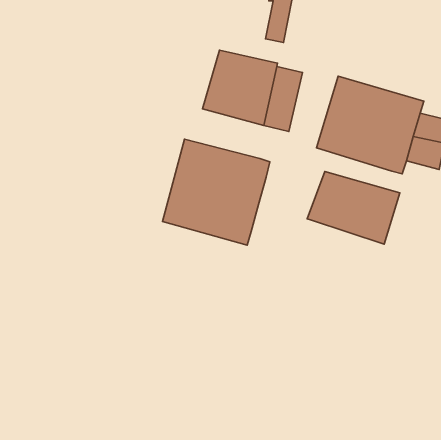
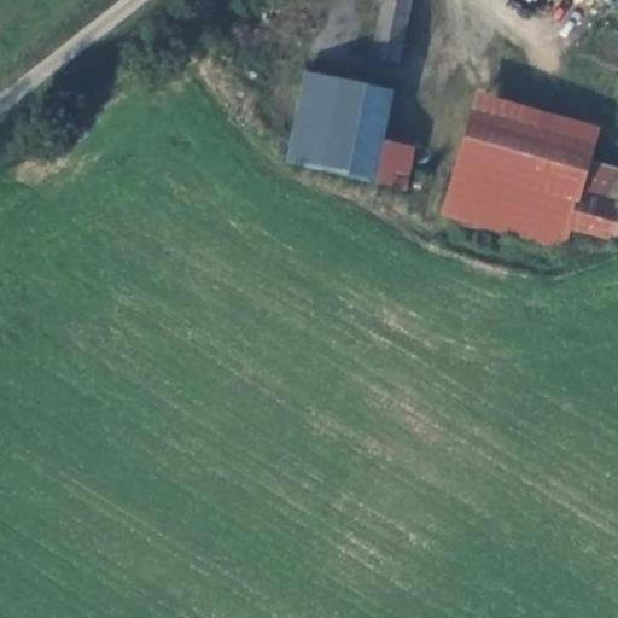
building: [162,139,270,245] -> none
building: [307,172,400,244] -> none

